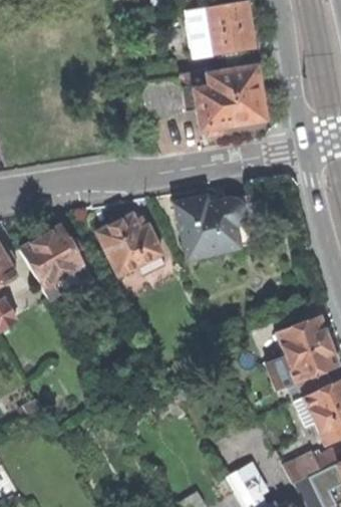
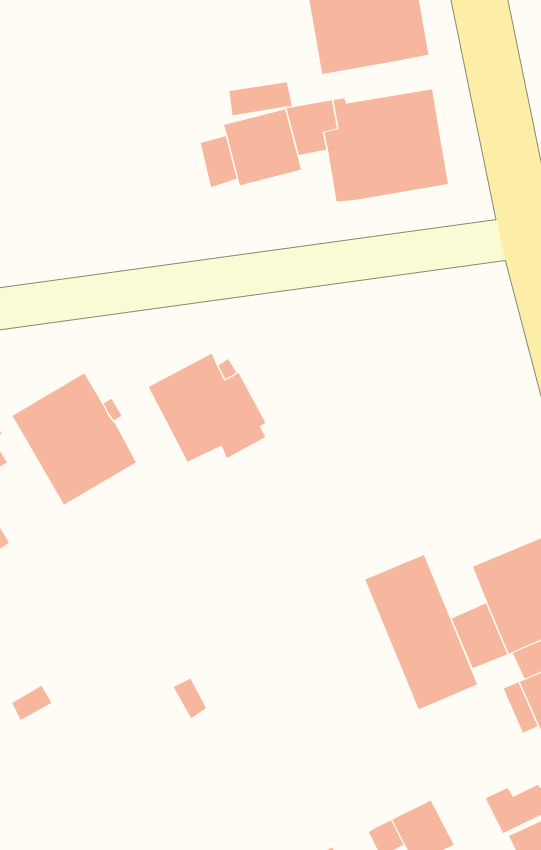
building: [174,195,260,258] -> none
building: none -> [365,554,478,710]

